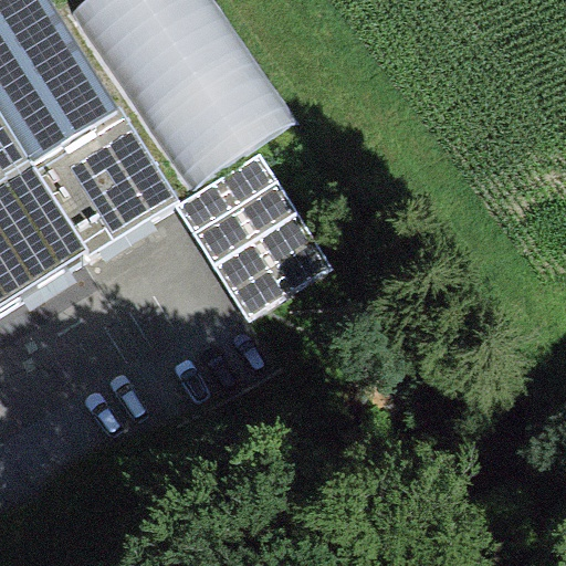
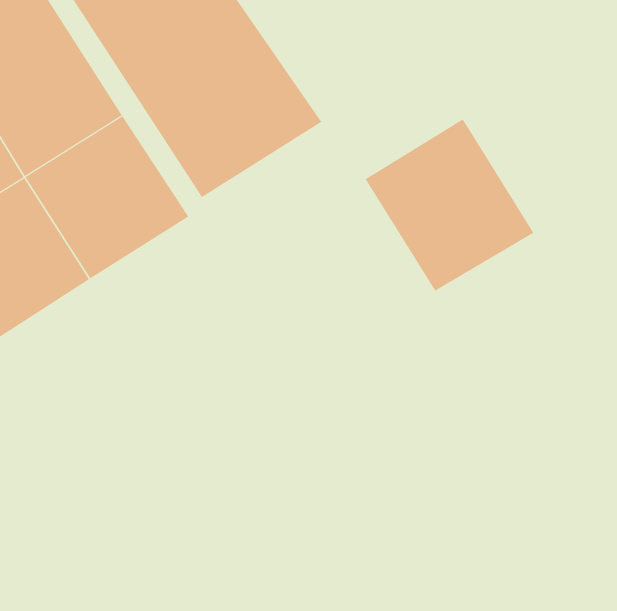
building: none -> [365,119,534,292]
building: [170,140,325,312] -> none

